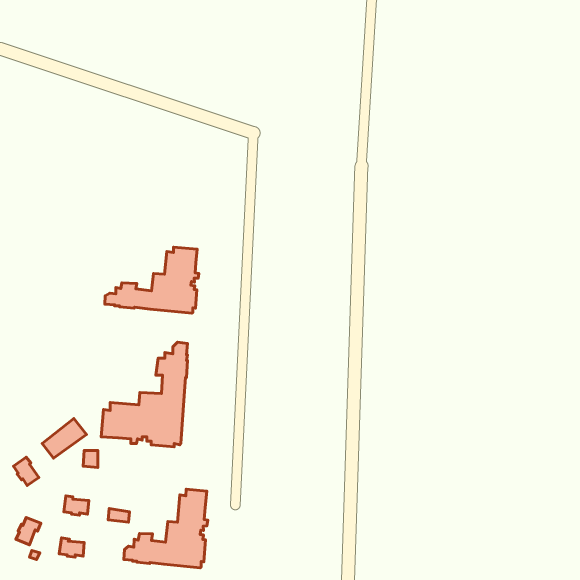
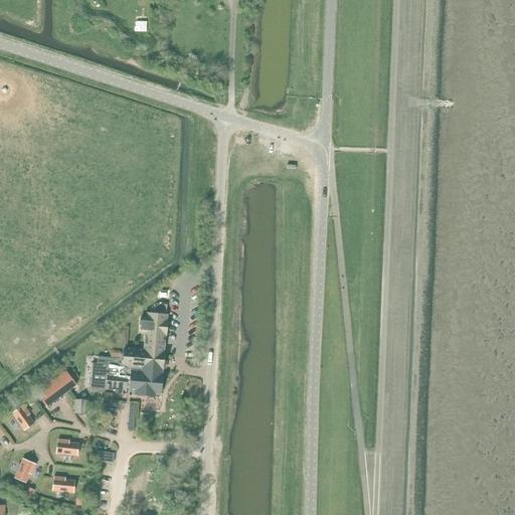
building: [105,247,199,313] -> none
building: [124,489,208,568] -> none

